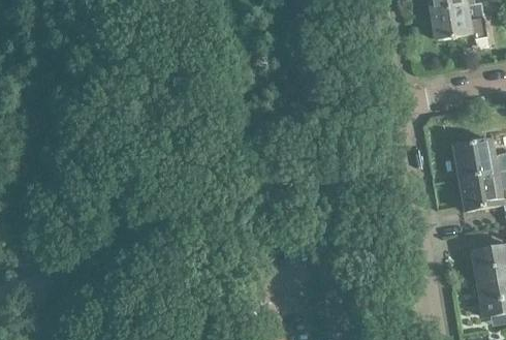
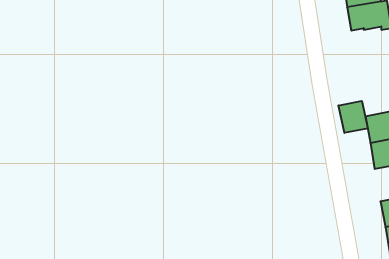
building: none -> [338,101,368,133]

